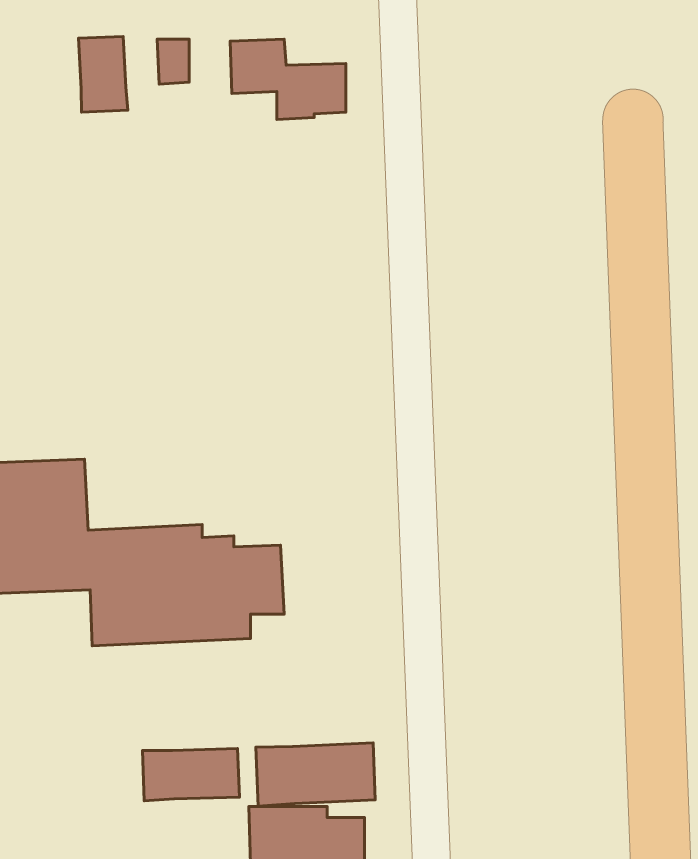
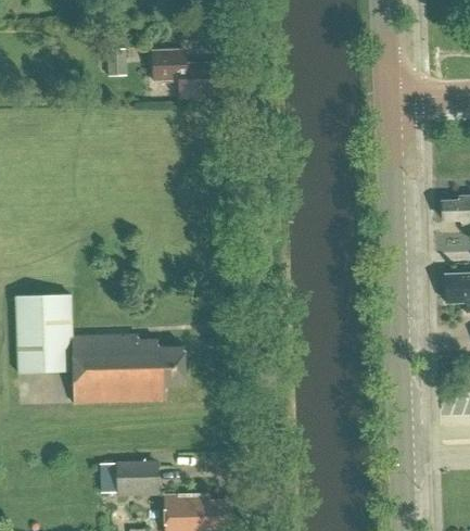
building: [78,36,128,112] -> none
building: [256,743,375,806] -> none

